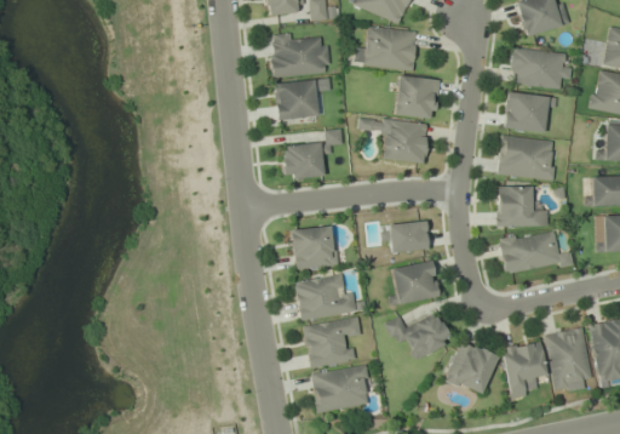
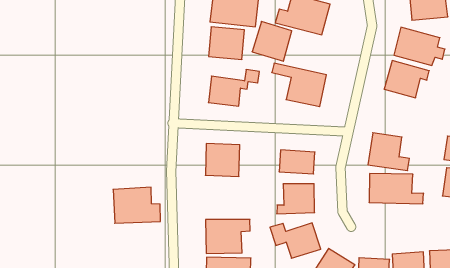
building: [394,74,440,120] -> [252,21,292,61]
building: [498,136,557,181] -> none
building: [293,270,358,322] -> [113,187,160,223]

